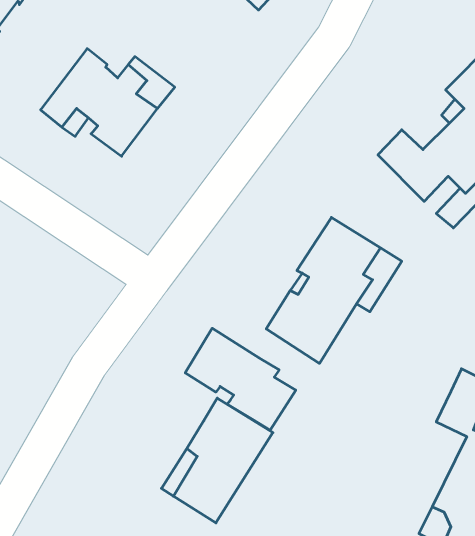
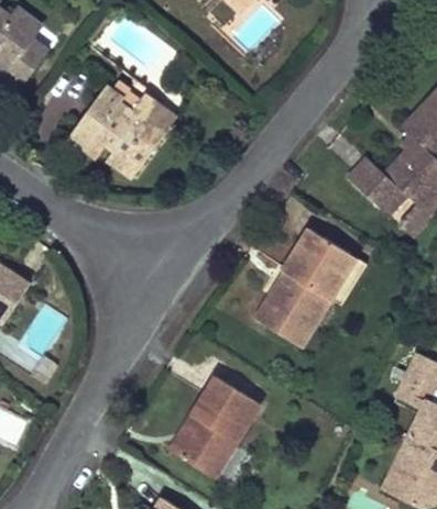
building: [185,328,296,430] -> none

